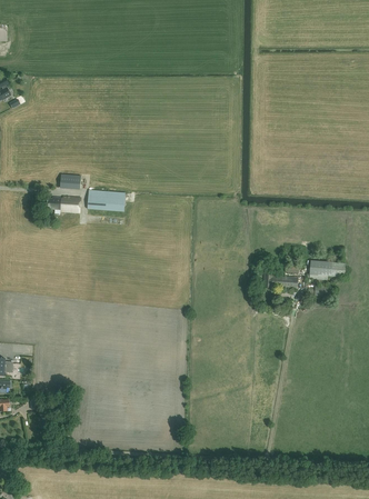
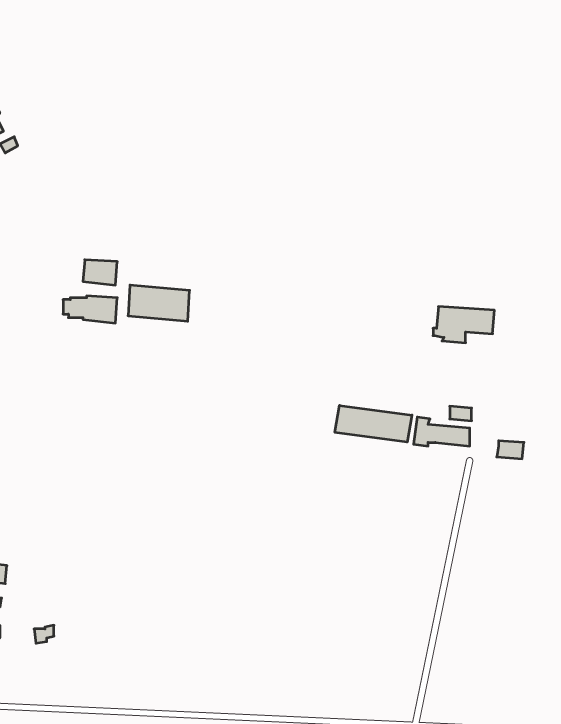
building: [308,260,346,282] -> [433,307,494,343]
building: none -> [335,405,412,442]

